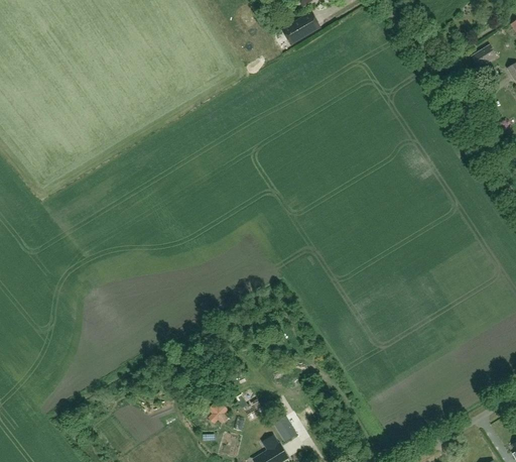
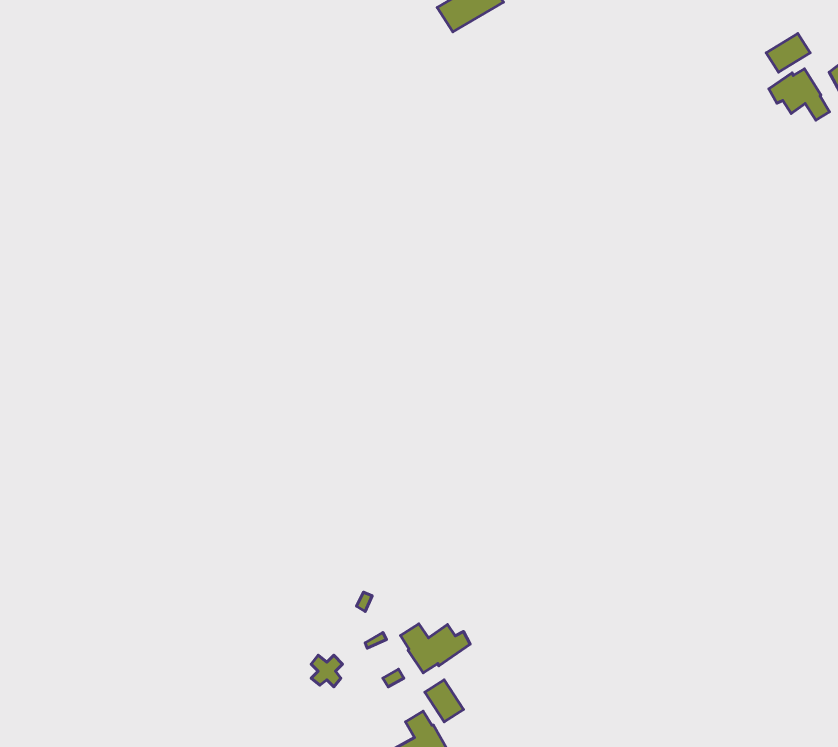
building: none -> [769,69,829,120]
building: none -> [401,624,470,673]

